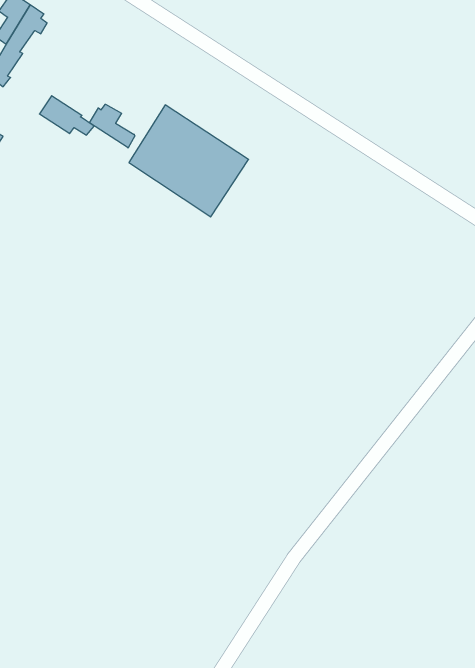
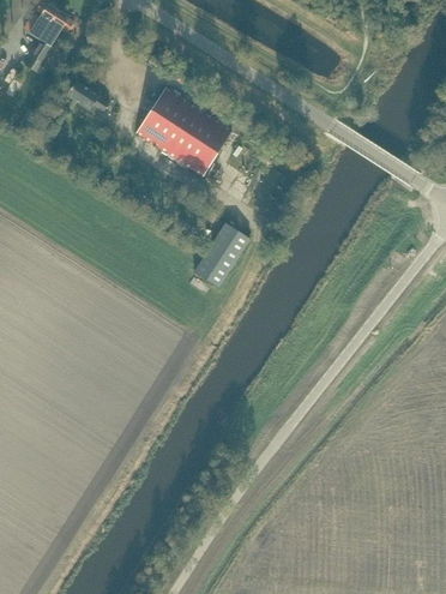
building: [89,104,135,148] -> none
building: none -> [193,222,251,287]

